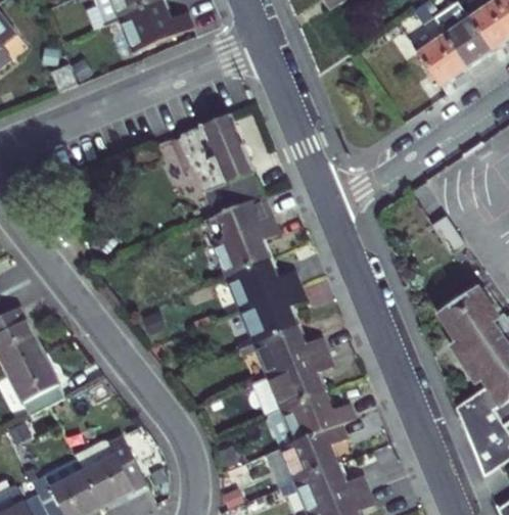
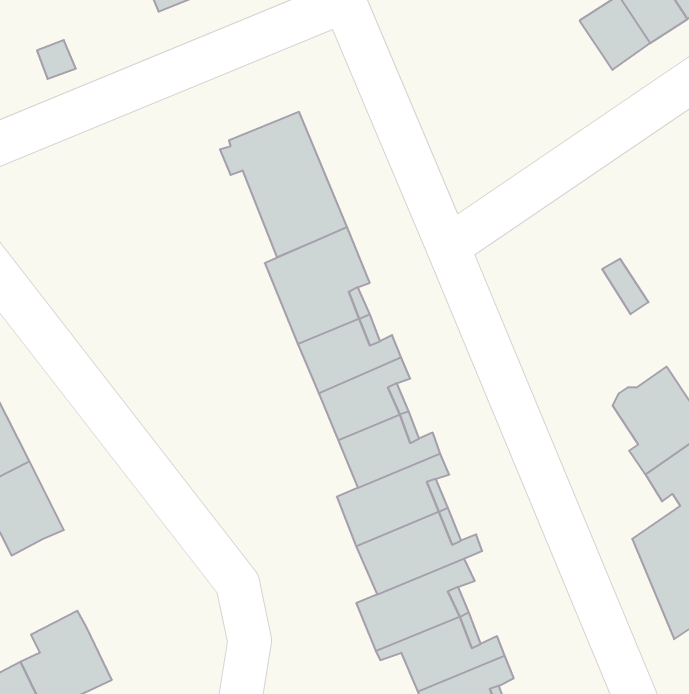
building: [76,435,145,504] -> none

